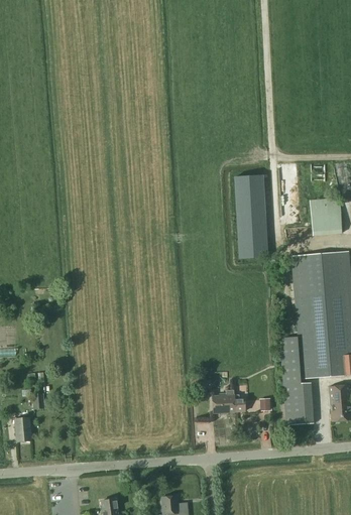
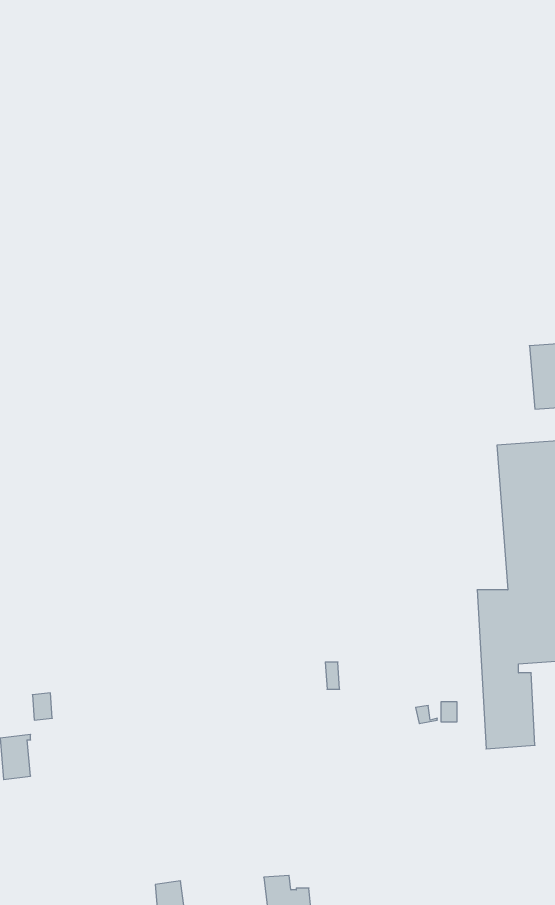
building: [235,176,263,257] -> none
building: [213,390,245,413] -> none

